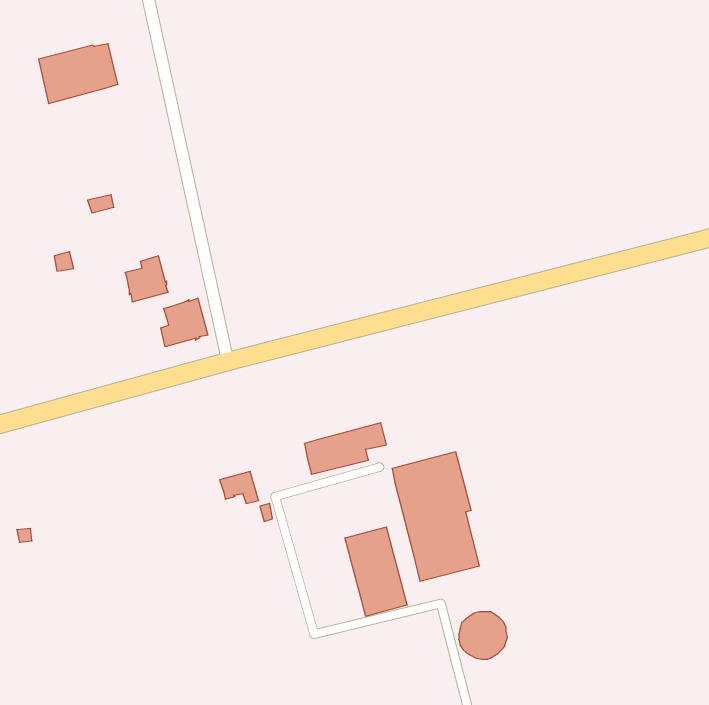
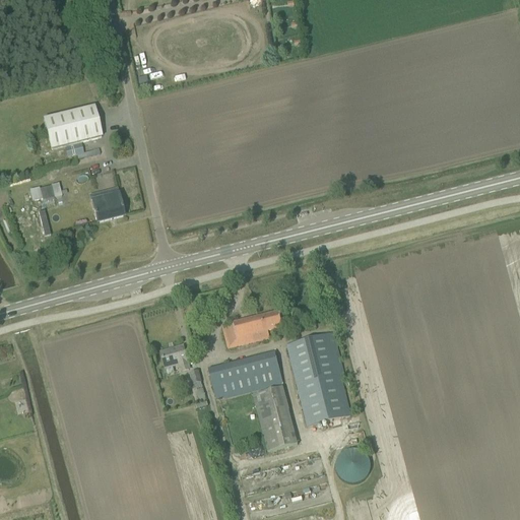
building: [39,44,118,104] -> [44,105,102,148]
building: [161,298,208,347] -> none
building: none -> [207,351,281,397]

